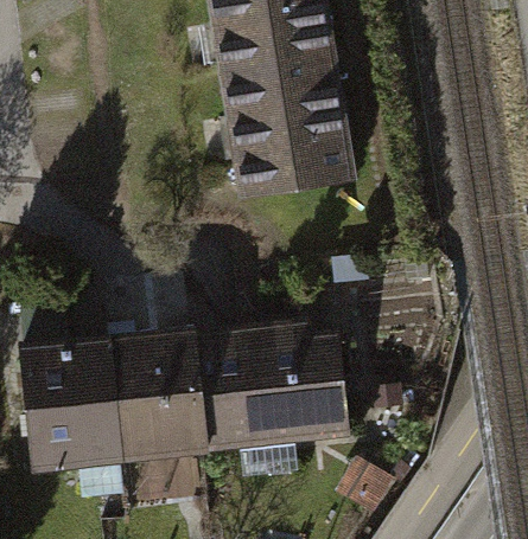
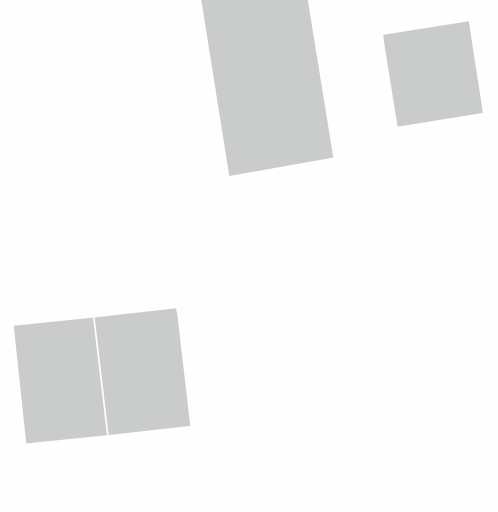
building: none -> [383,20,483,127]
building: [193,327,348,449] -> none

